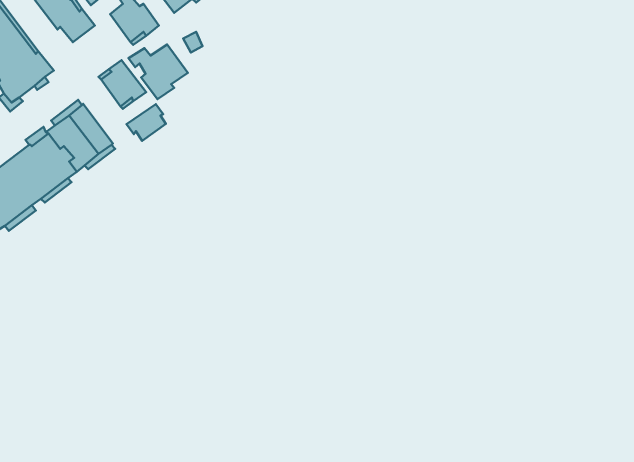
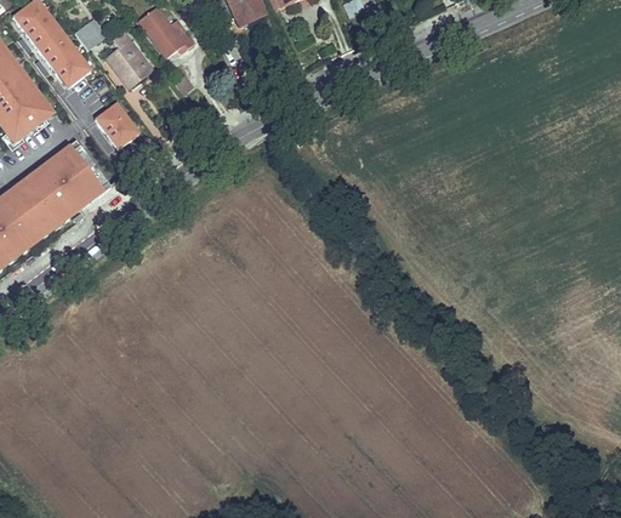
building: [128,44,188,99] -> none
building: [126,104,166,141] -> none

